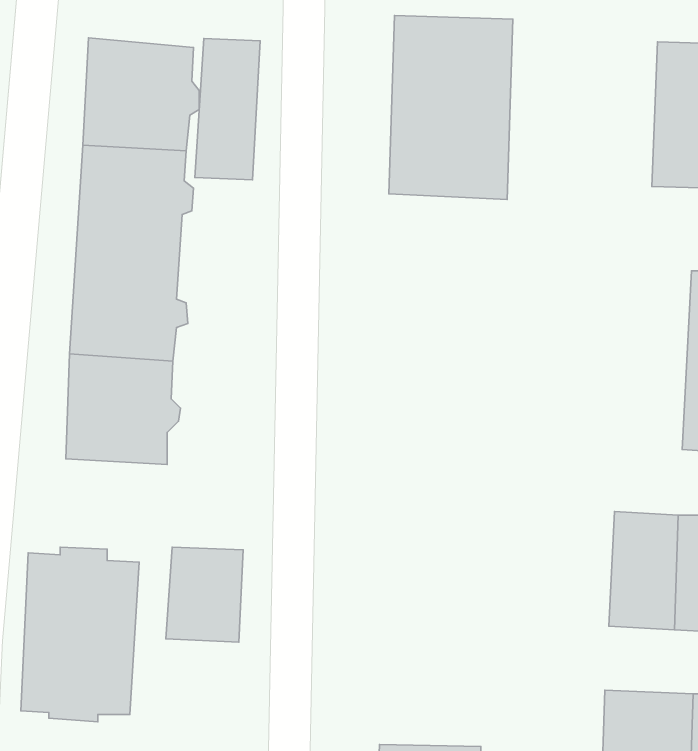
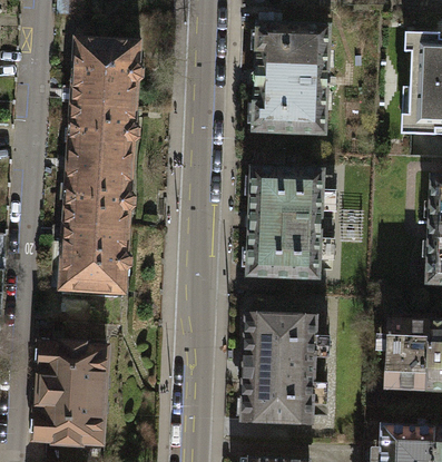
building: [195,38,260,180] -> none
building: none -> [248,170,321,278]
building: none -> [240,314,316,423]
building: [166,547,243,642] -> none

